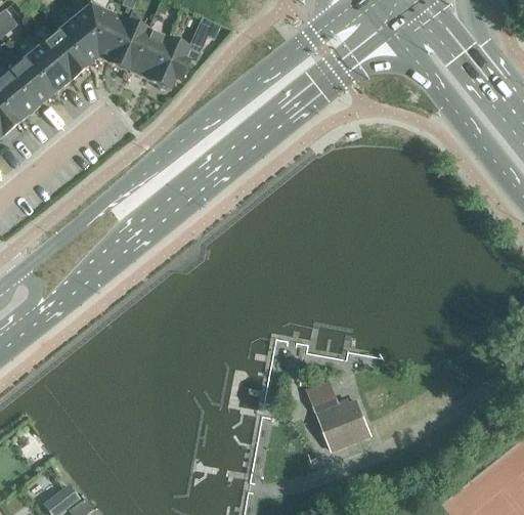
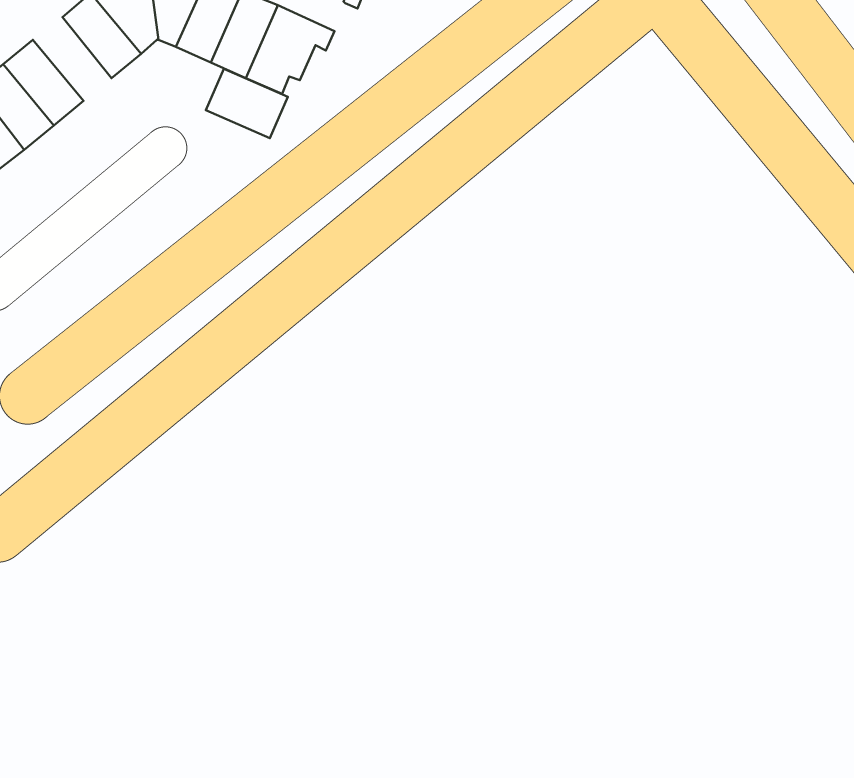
building: [23,44,69,93] -> none
building: none -> [206,69,288,138]
building: [308,381,370,449] -> none

